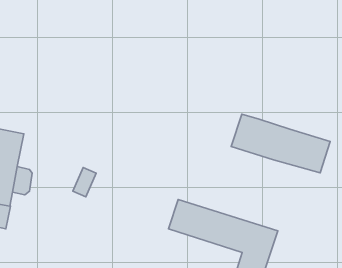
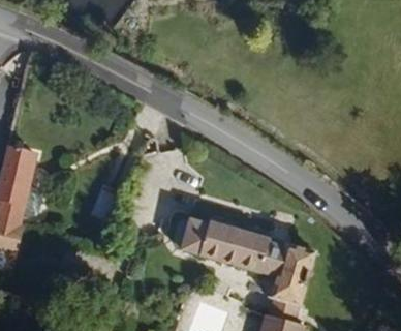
building: [231,114,330,173] -> none

